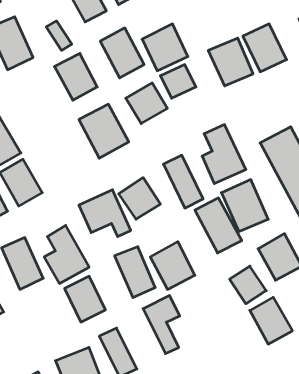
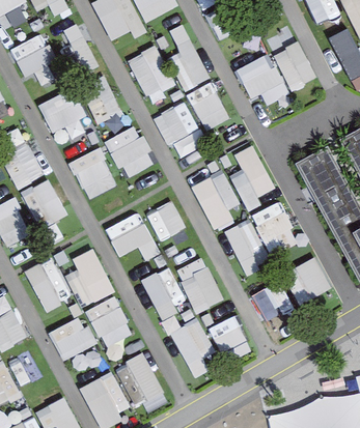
building: none -> [37,88,87,135]
building: none -> [70,147,117,199]
building: none -> [49,319,86,361]
building: [250,297,292,344] -> [209,315,252,363]

